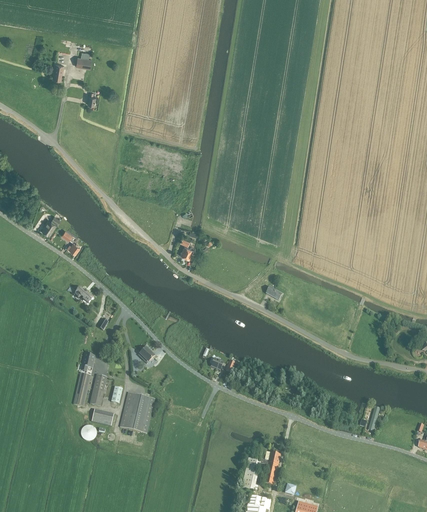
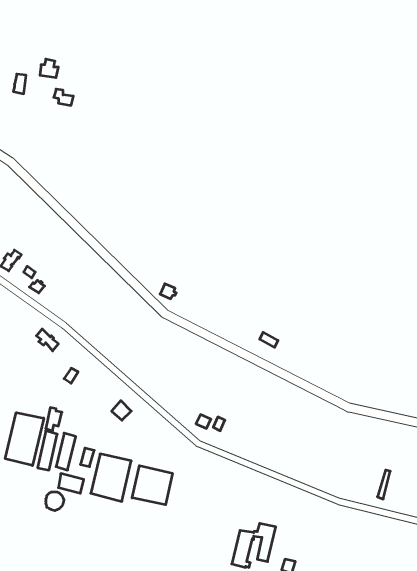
building: none -> [5,413,44,466]
building: none -> [132,466,172,505]

